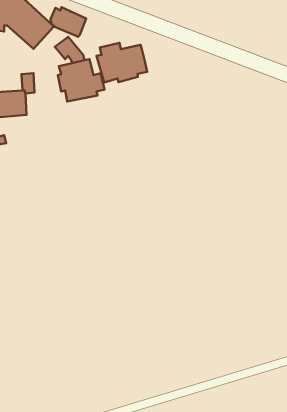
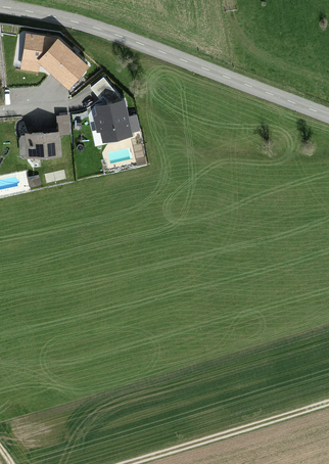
building: [51,7,86,37] -> none
building: [96,43,147,82] -> none

